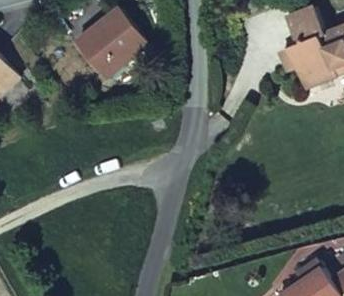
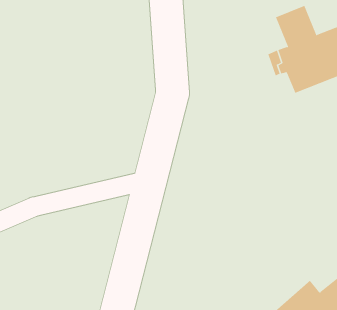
building: [74,10,146,80] -> none

